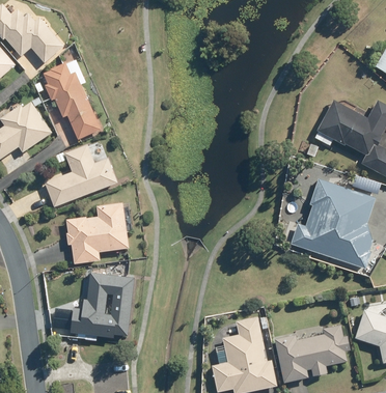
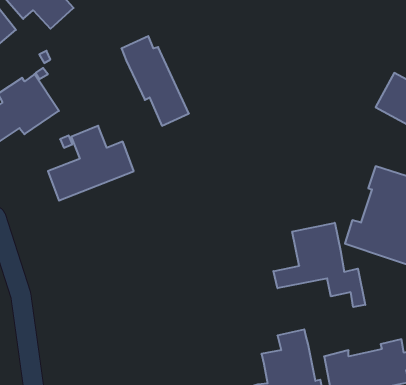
building: [43,63,100,139] -> [121,36,189,126]
building: [67,201,130,263] -> none
building: none -> [273,223,365,307]
building: [71,272,135,335] -> none

